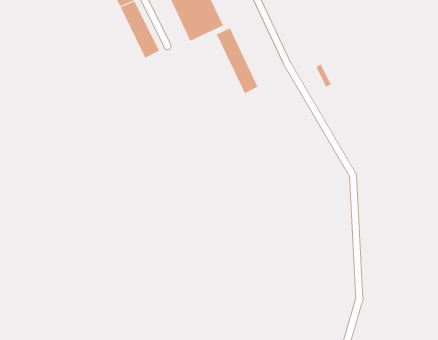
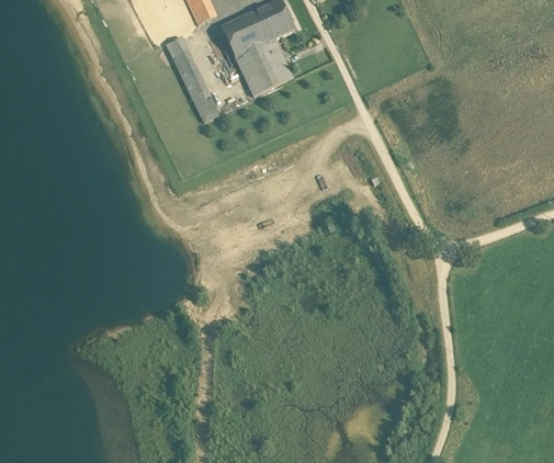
building: [216,27,258,94] -> none

